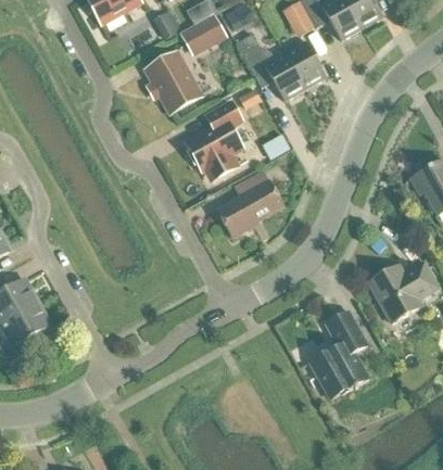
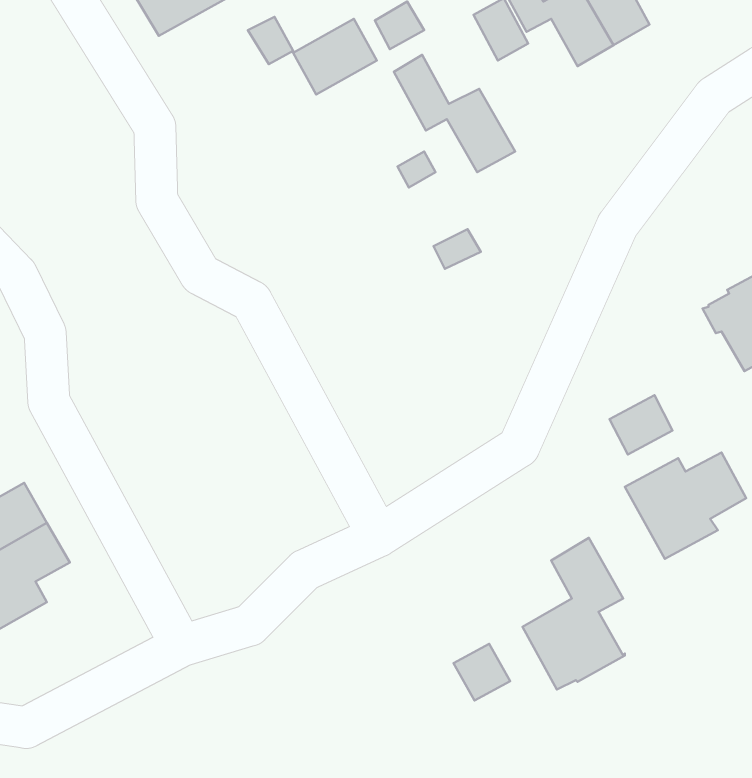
building: [284,40,326,88] -> none
building: [145,52,200,112] -> none
building: [187,101,241,179] -> none
building: [217,170,279,236] -> none
building: none -> [610,395,673,454]
building: none -> [453,644,510,701]

